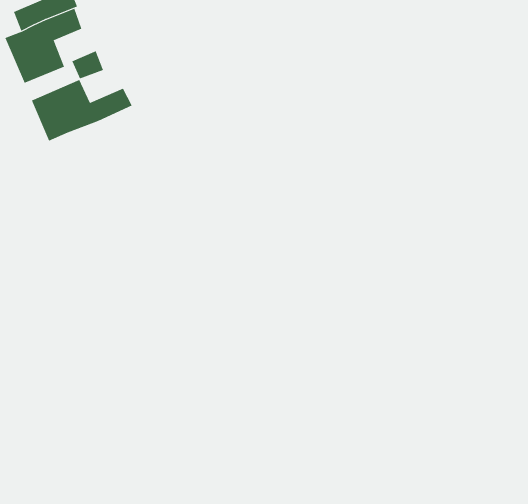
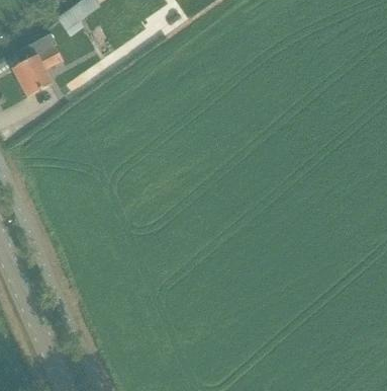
building: [31,79,133,142] -> none

